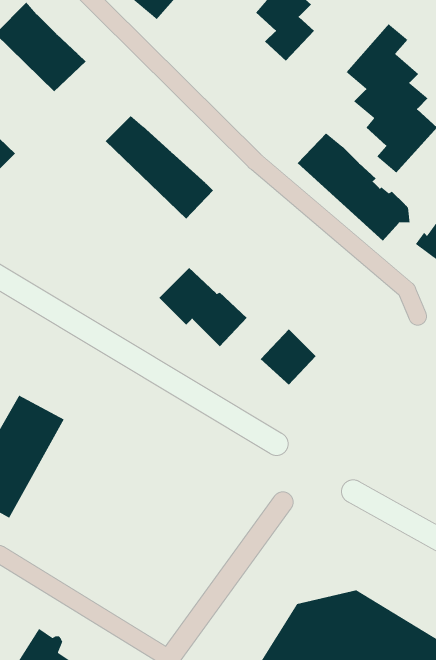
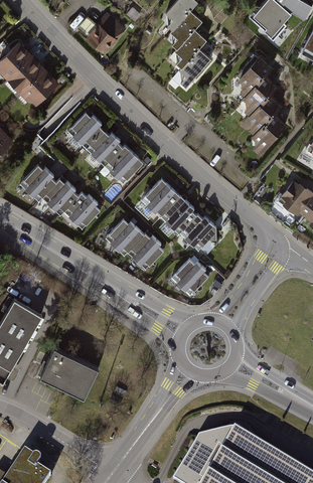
building: [297,132,410,241] -> [142,178,216,250]
building: none -> [15,165,102,233]
building: none -> [32,342,101,398]

